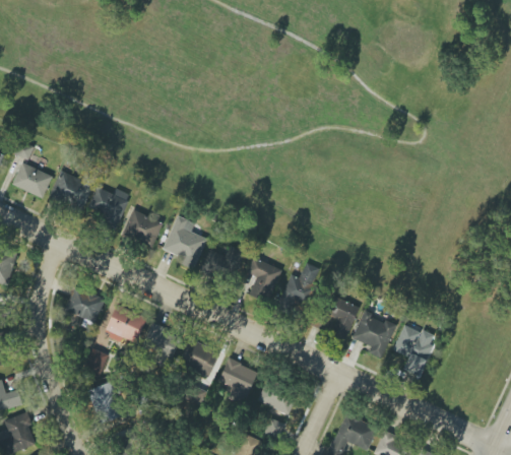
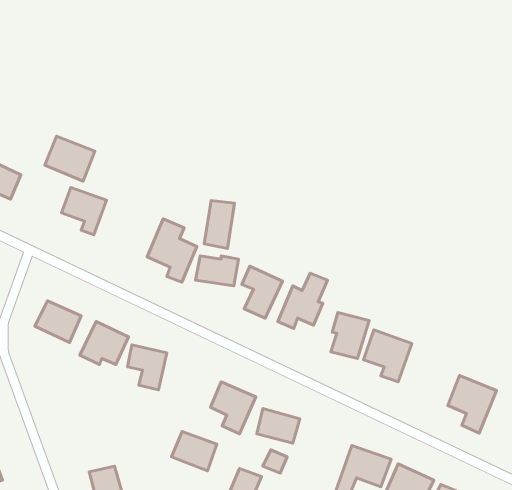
building: [50,172,93,211] -> [45,136,95,181]
building: none -> [204,201,234,248]
building: [121,209,163,248] -> none
building: [393,324,436,375] -> [448,375,496,433]
building: [178,341,217,376] -> [172,432,217,471]
building: [82,348,109,378] -> none
building: [88,383,122,424] -> none

